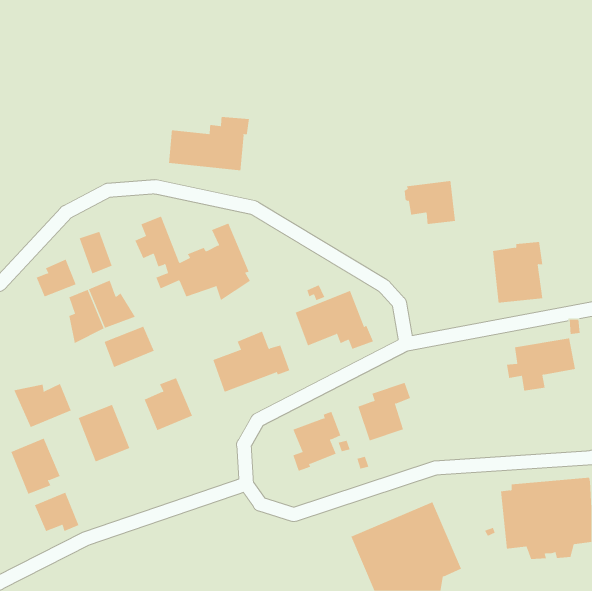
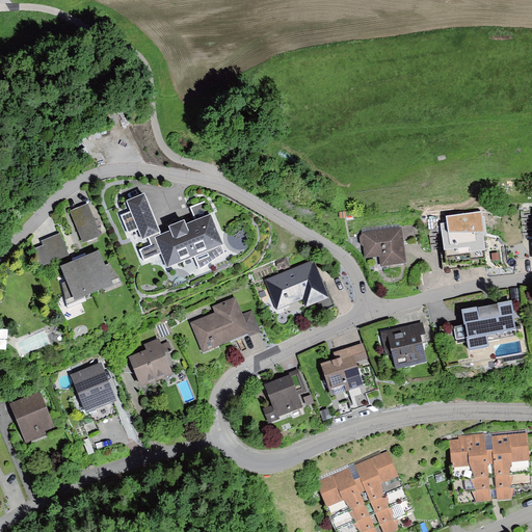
building: [169,116,250,171] -> none
building: [404,180,456,225] -> [358,227,405,266]
building: [104,326,154,368] -> none
building: none -> [379,322,426,367]
building: [13,383,71,428] -> none
building: [34,492,79,532] -> none

